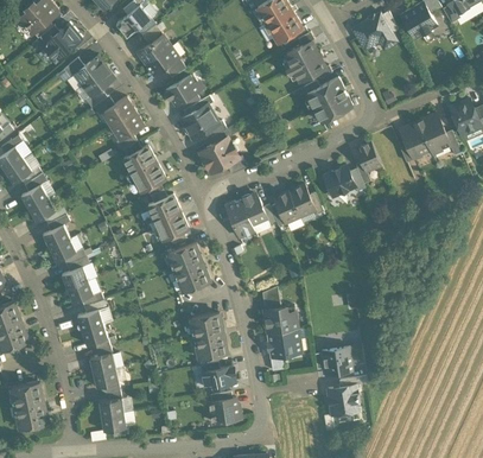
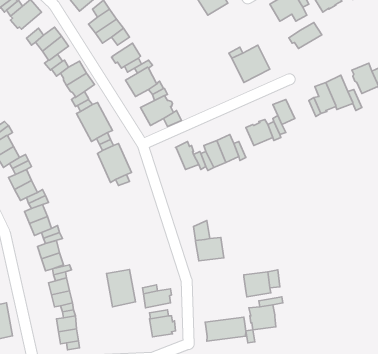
building: [285,42,325,82] -> none
building: none -> [289,23,322,49]
building: [224,201,254,238] -> none
building: [167,243,209,292] -> none
building: [191,314,225,358] -> [106,270,135,307]
building: [267,330,300,357] -> none
building: none -> [205,317,246,341]

